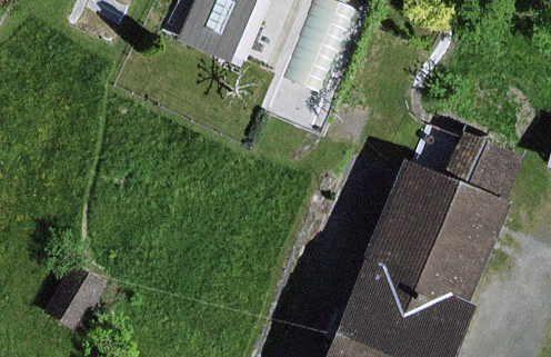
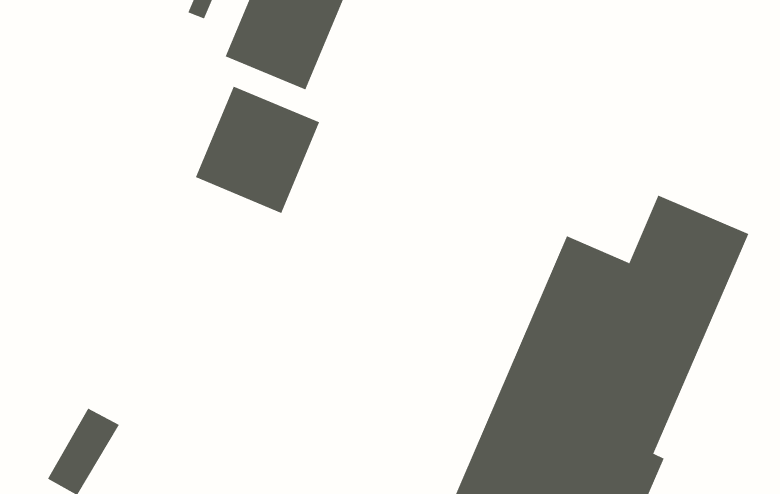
building: none -> [195,86,320,214]

